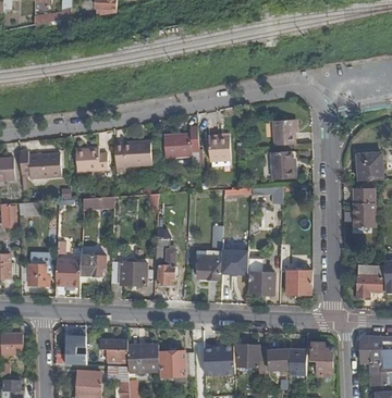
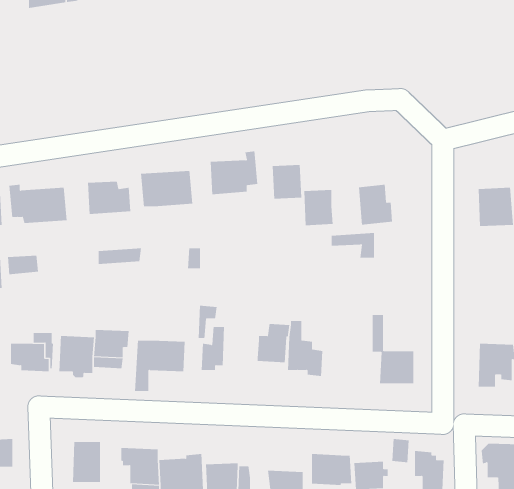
building: [272,119,294,145] -> [303,189,334,226]
building: [353,187,373,227] -> none
building: [246,258,274,294] -> none

